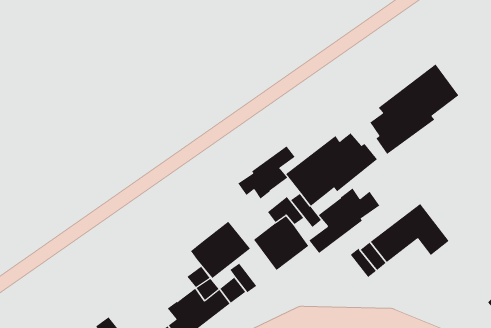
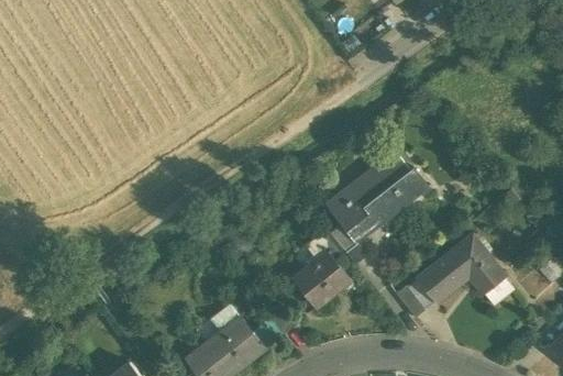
building: [369,63,459,155] -> none
building: [238,145,295,199] -> none
building: [308,187,380,254] -> none
building: [190,221,251,279] -> none

